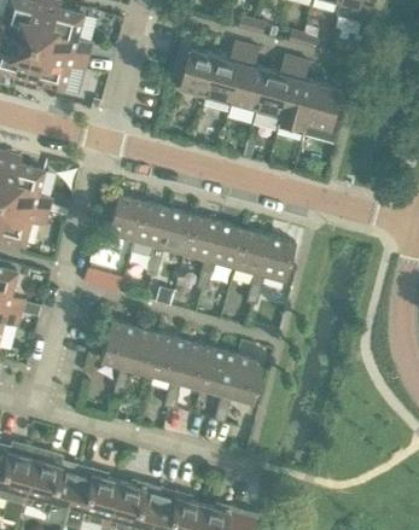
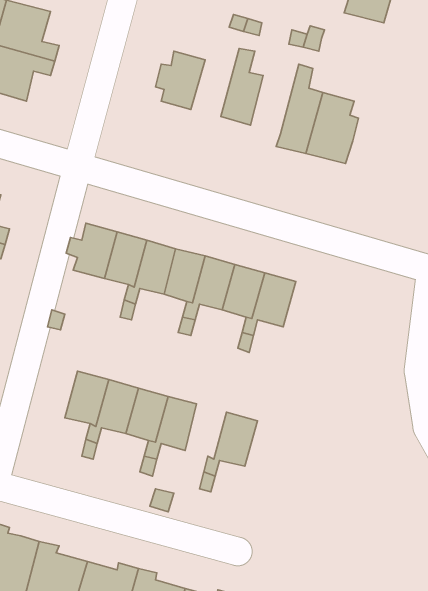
building: [205,40,246,101] -> none
building: [256,53,297,116] -> none
building: [200,345,235,392] -> none

